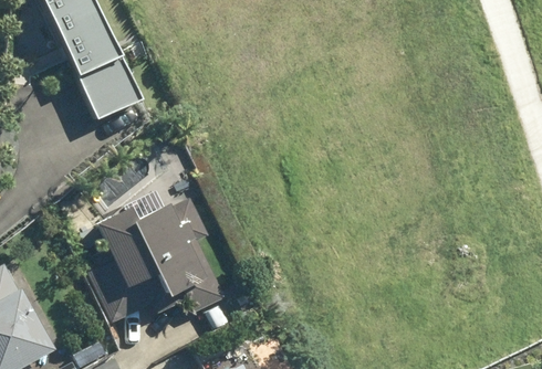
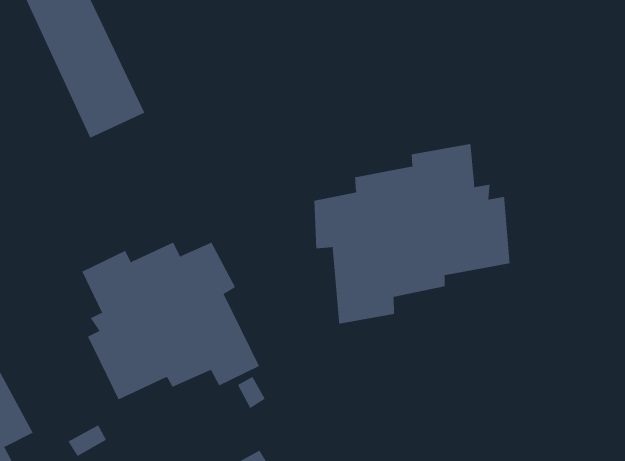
building: none -> [314,143,510,324]

